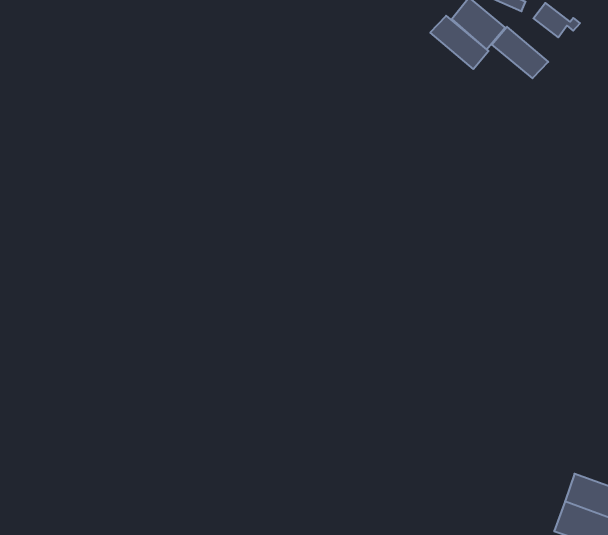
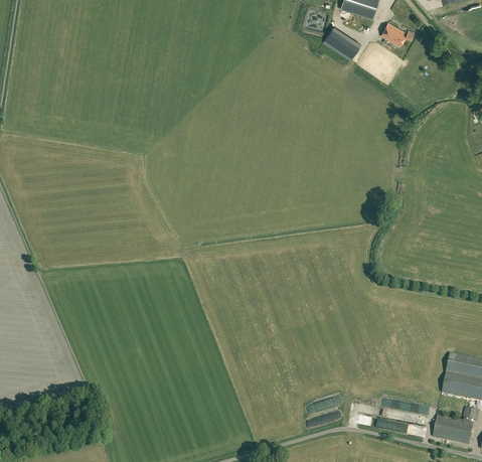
building: [430,16,489,69] -> none
building: [492,27,548,78] -> none

